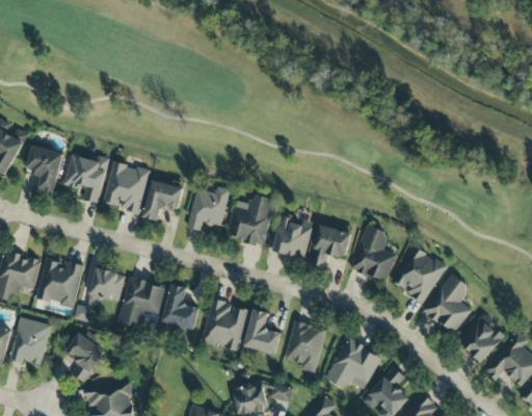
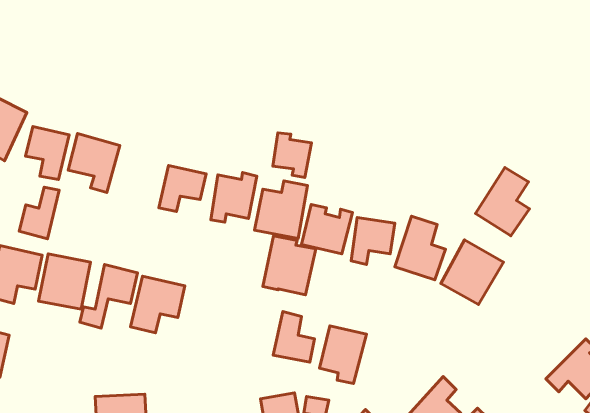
building: none -> [273,133,311,178]
building: [103,162,151,214] -> none
building: none -> [19,187,59,239]
building: [424,274,472,334] -> [475,168,530,236]
building: [162,285,200,331] -> none
building: [202,300,248,352] -> [263,236,316,295]
building: [457,314,506,363] -> none
building: [9,318,51,366] -> none
building: [66,333,105,384] -> none
building: [326,339,382,391] -> none

